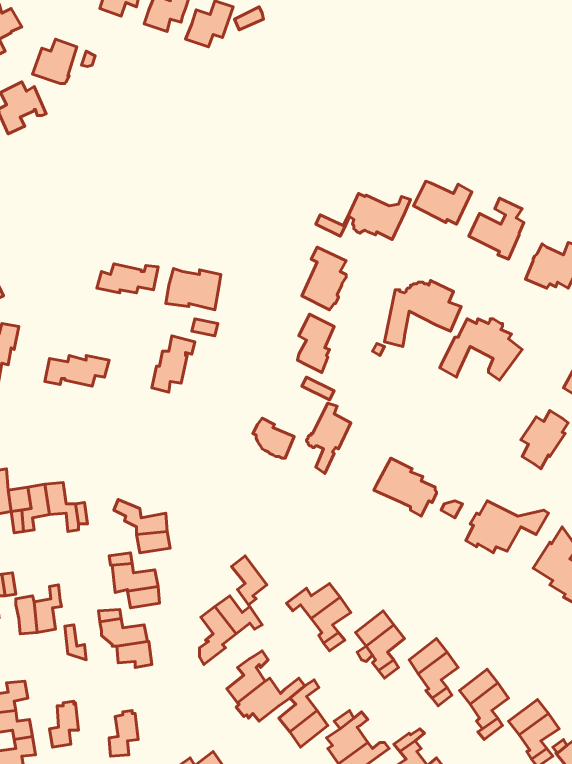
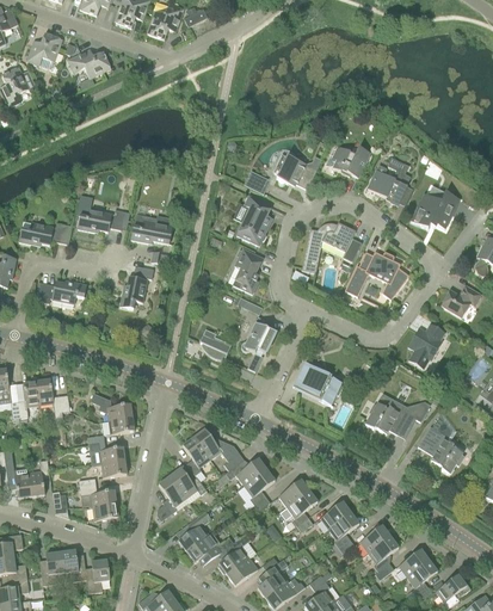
building: none -> [68,48,111,79]
building: none -> [19,221,73,243]
building: none -> [193,427,245,469]
building: none -> [61,548,87,580]

